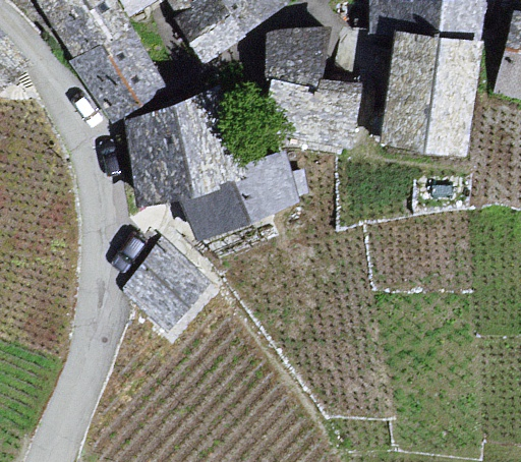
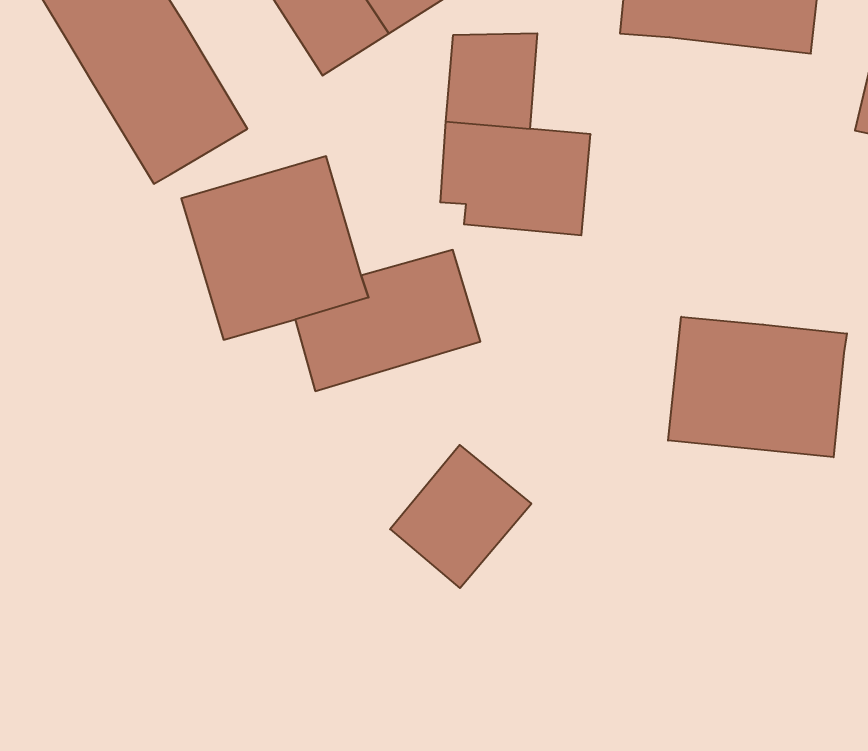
building: [385,32,474,145] -> none
building: none -> [668,317,847,457]
building: [126,241,205,321] -> [390,445,531,588]

